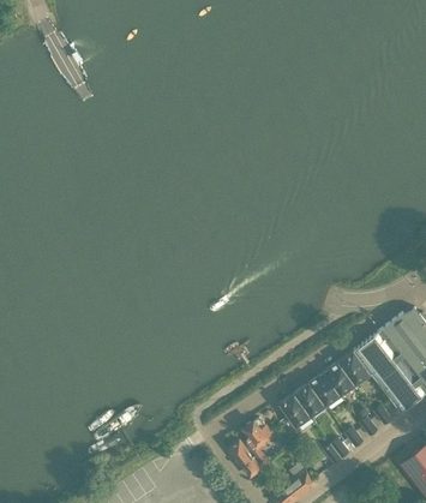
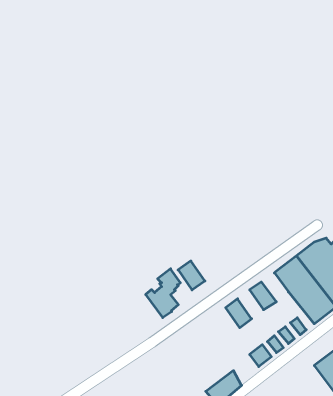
building: [338,353,371,388] -> none
building: [310,373,341,408] -> none
building: [280,395,312,430] -> [178,261,205,290]
building: [230,419,272,478] -> [146,269,180,318]

